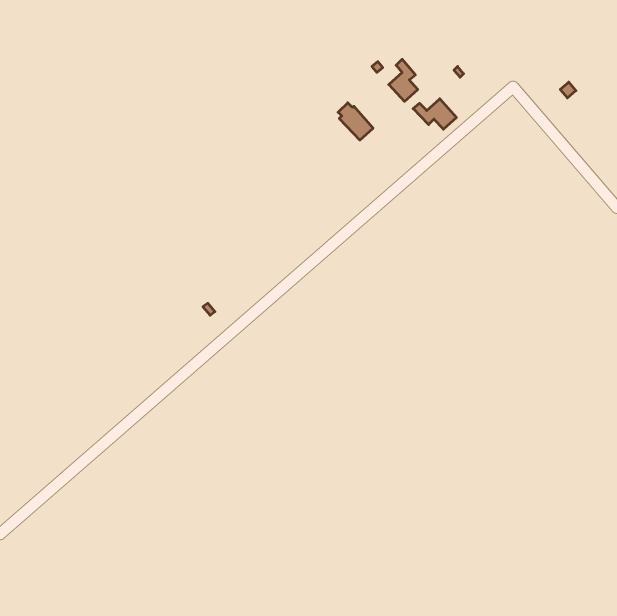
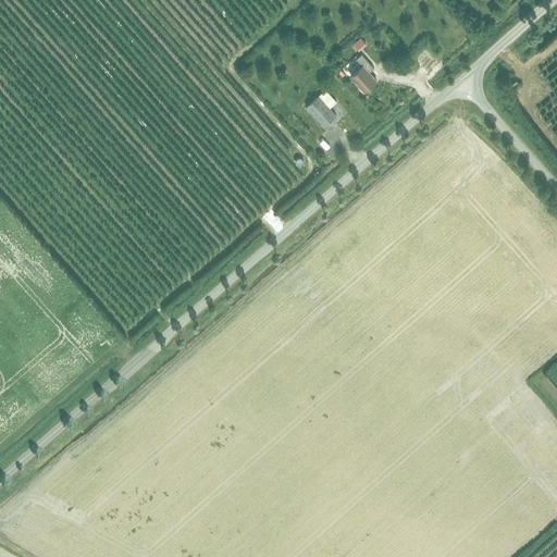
building: [413,99,456,129] -> none

